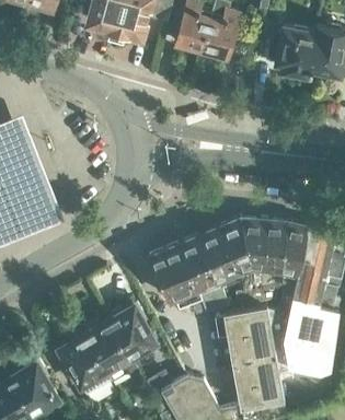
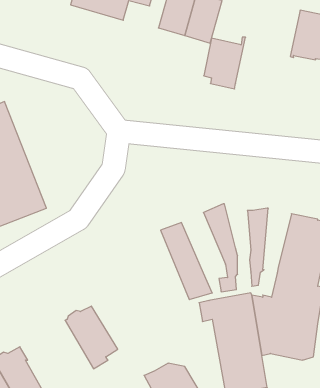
building: [276,25,318,77] -> [204,37,246,89]
building: [242,218,269,302] -> none
building: [280,222,309,311] -> none
building: [199,226,243,287] -> none
building: [150,244,207,316] -> none
building: [110,304,158,362] -> none
building: [56,334,112,395] -> none

